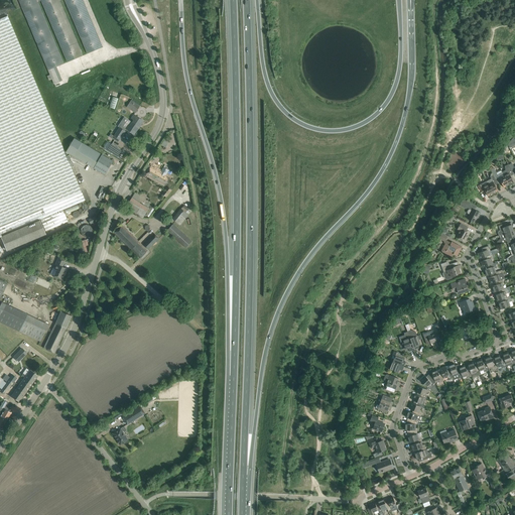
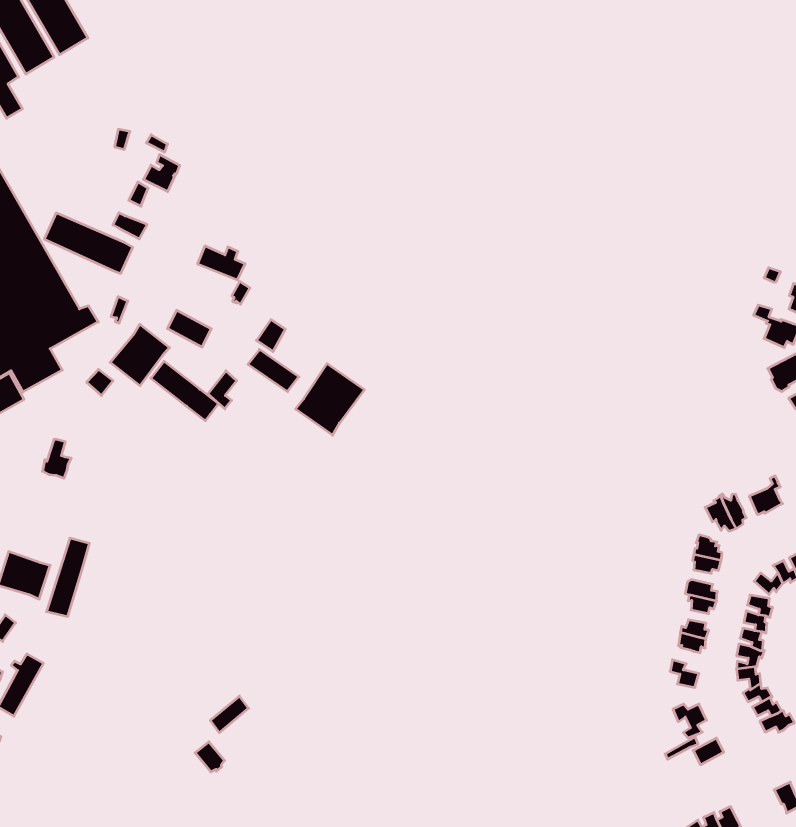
building: none -> [110,324,170,386]
building: none -> [296,364,364,435]

